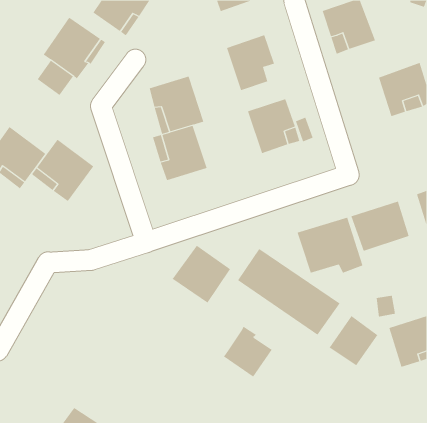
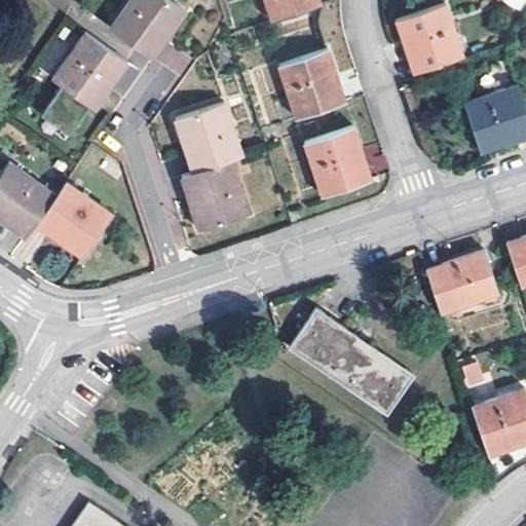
building: [297,217,363,273] -> none
building: [172,245,231,304] -> none
building: [329,315,378,366] -> none
building: [223,326,272,377] -> none

